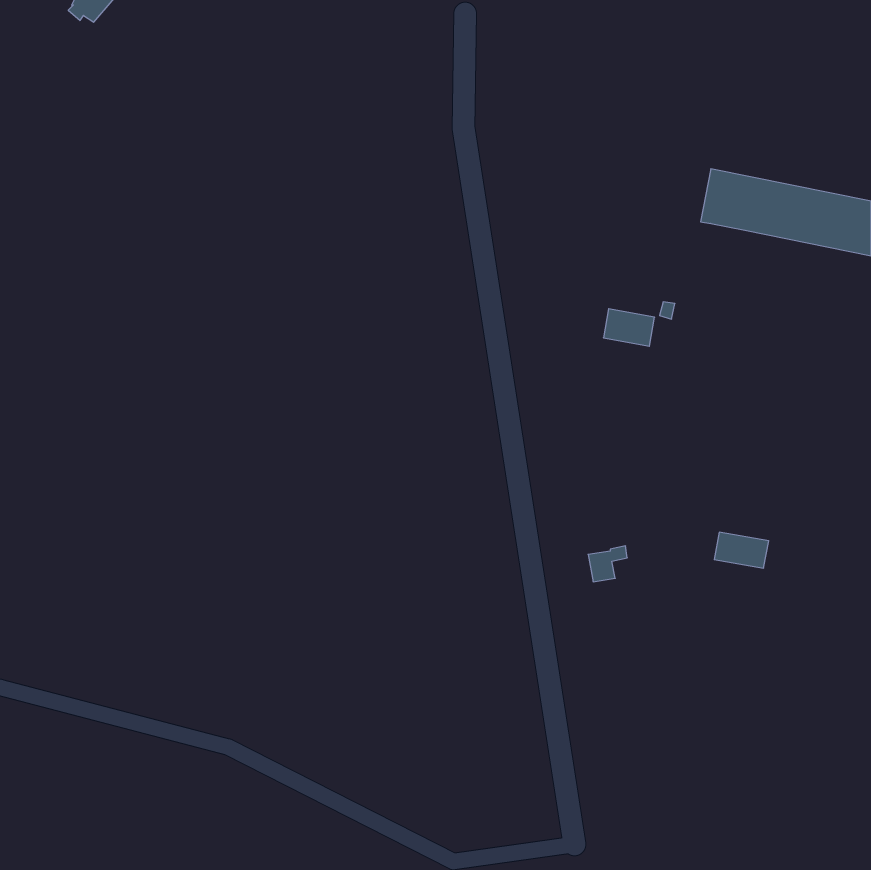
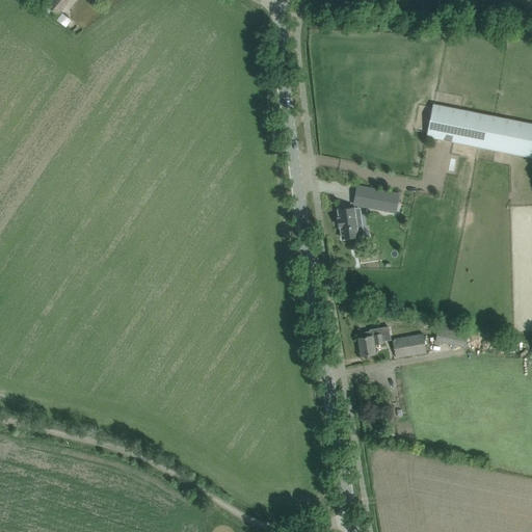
building: none -> [338,207,362,237]
building: none -> [393,334,426,356]

